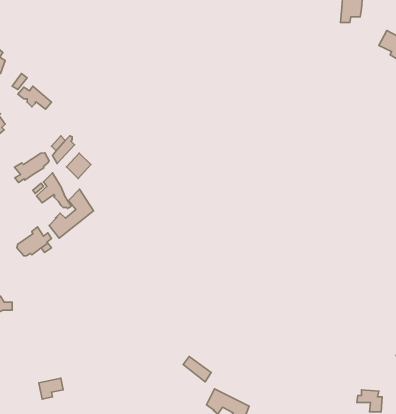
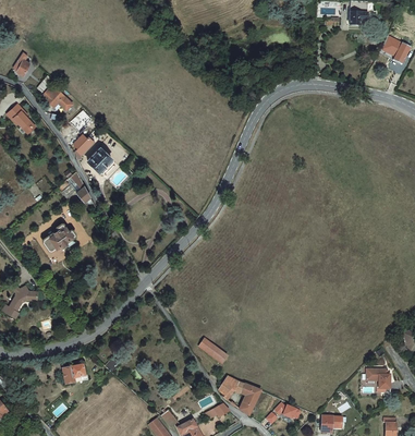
building: [14,153,49,182] -> none
building: [49,189,93,238] -> none

